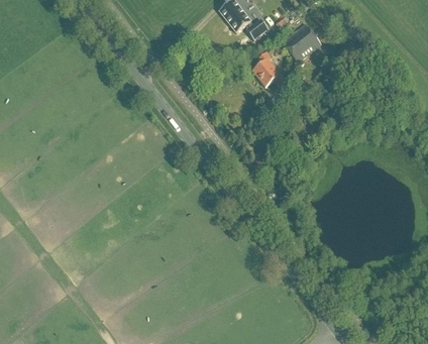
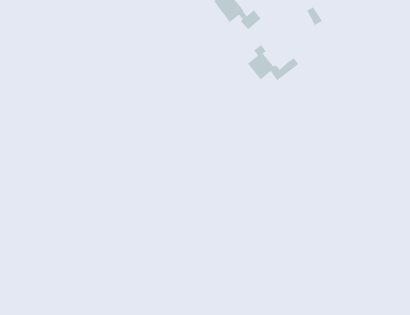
building: [280,21,321,60] -> none

